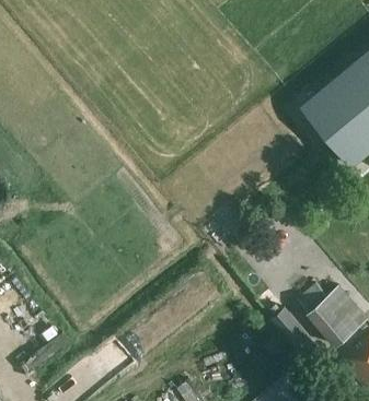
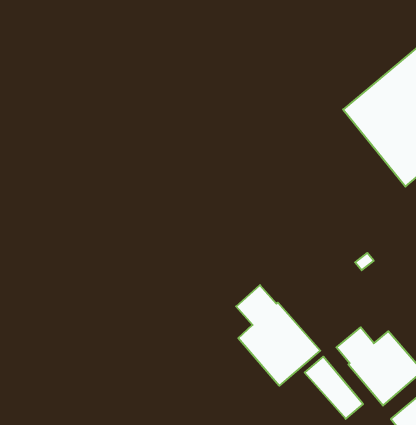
building: none -> [236,285,320,386]

